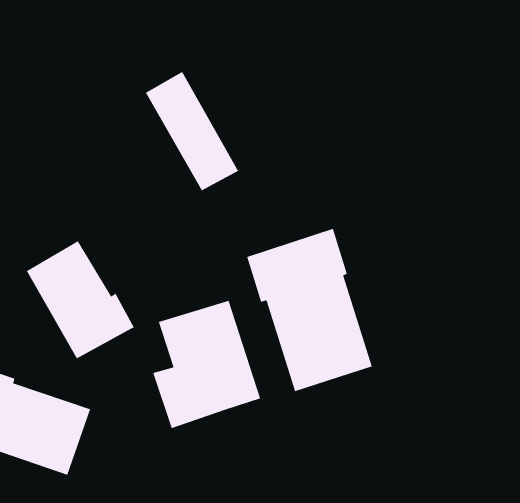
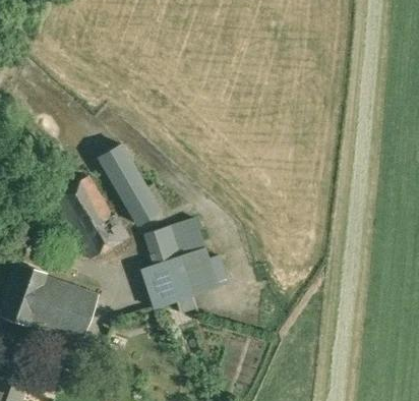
building: [145,71,239,191] -> [96,141,162,226]
building: [246,228,373,392] -> none

